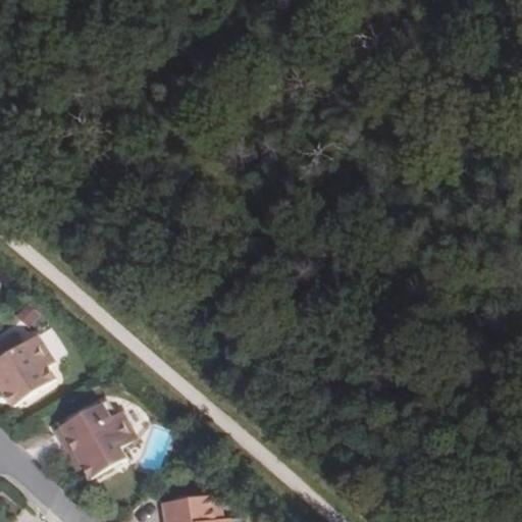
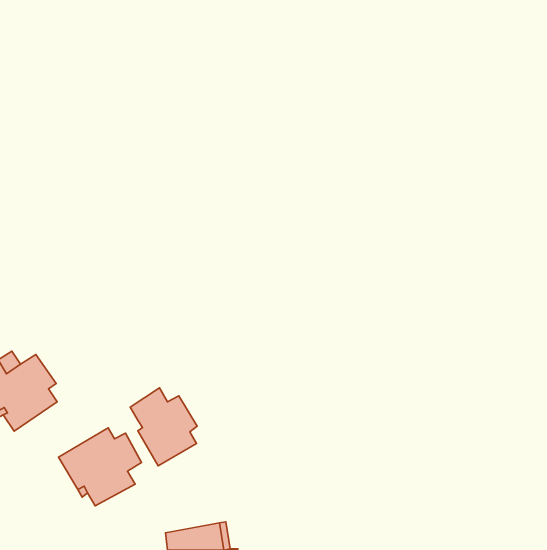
building: none -> [130,388,197,466]

